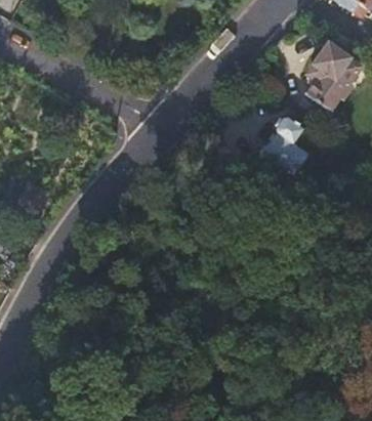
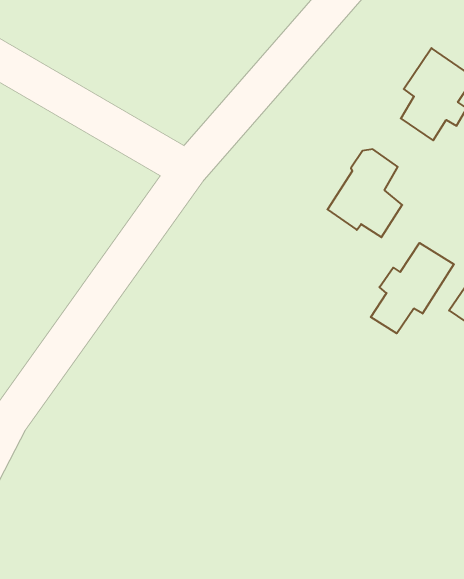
building: none -> [371,243,454,333]

